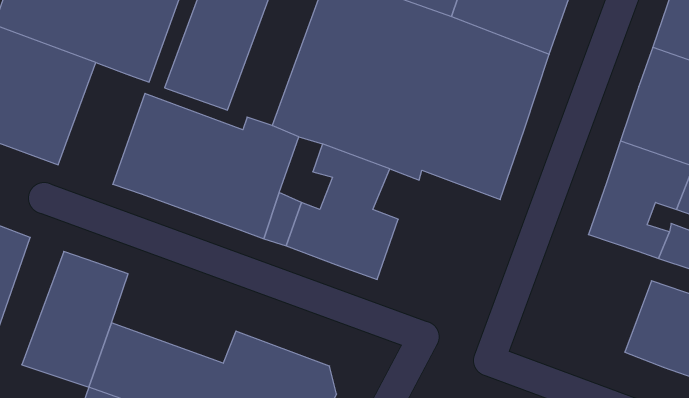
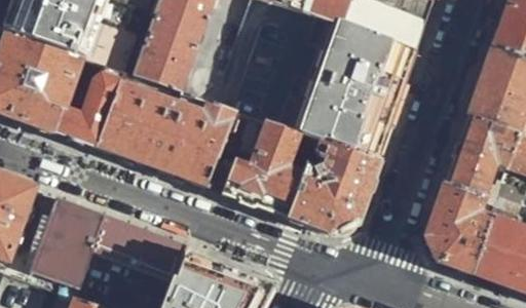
building: none -> [55,67,122,147]
building: none -> [290,137,380,232]
building: none -> [426,184,491,270]
building: none -> [95,213,189,278]

